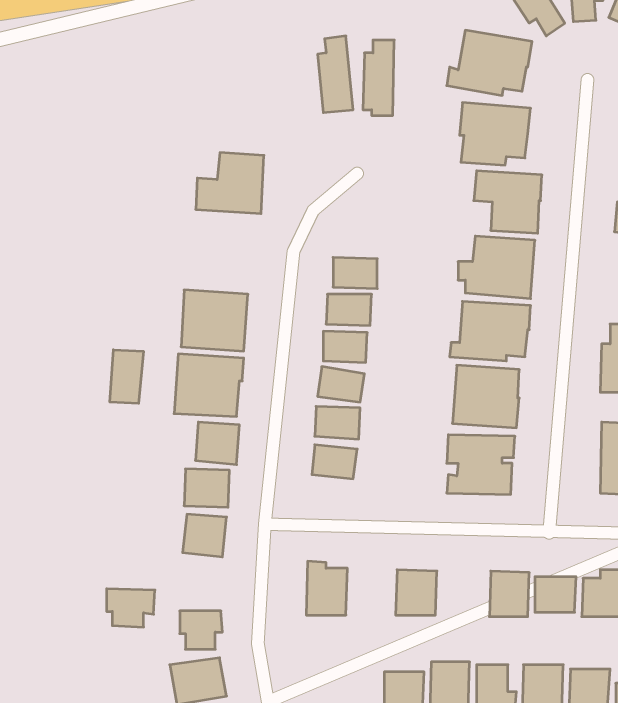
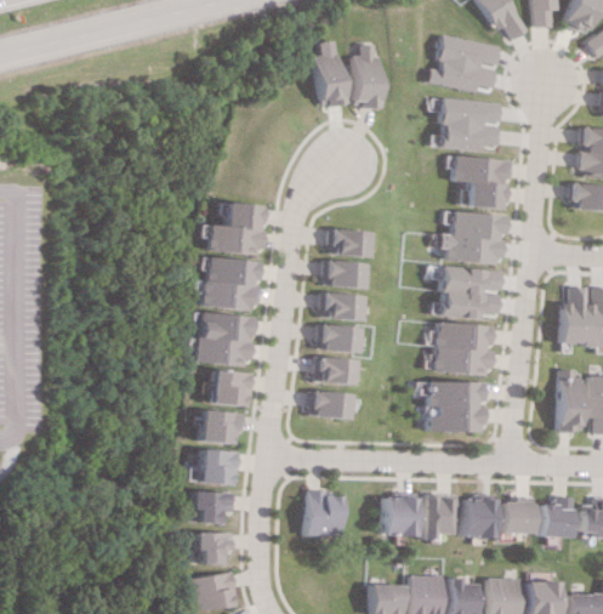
building: [196,153,264,214] -> [203,203,261,255]
building: [110,350,143,403] -> none
building: none -> [421,493,454,539]
building: [107,589,155,627] -> [194,490,235,523]

